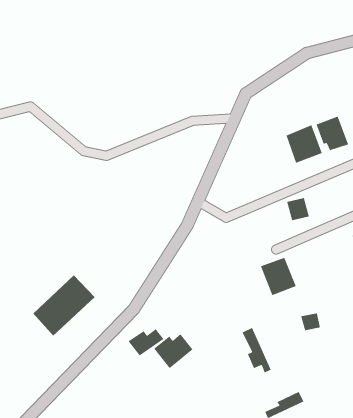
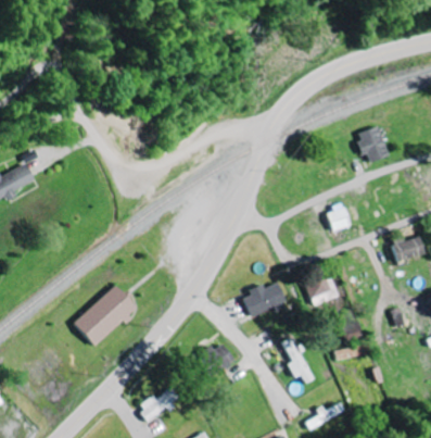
building: [285,124,323,164] -> none
building: none -> [241,283,287,320]
building: [127,328,164,356] -> [138,393,175,422]

